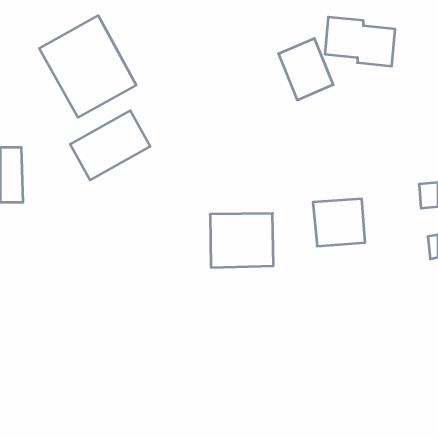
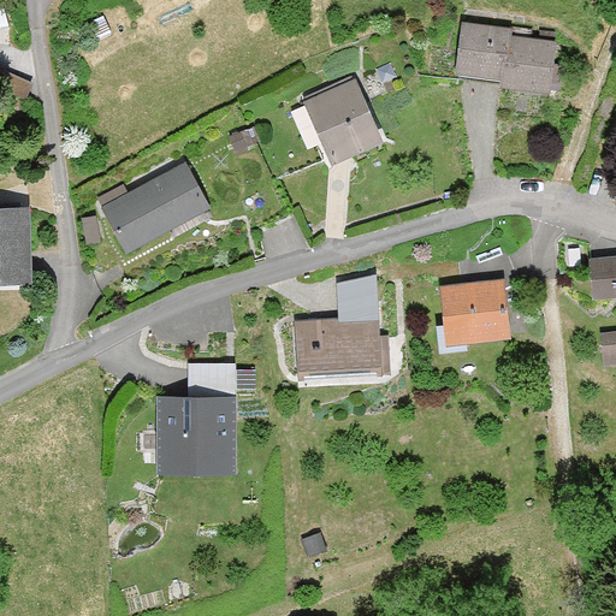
building: [39,16,136,117] -> none
building: [278,38,333,100] -> [304,77,381,164]
building: none -> [159,362,237,478]

